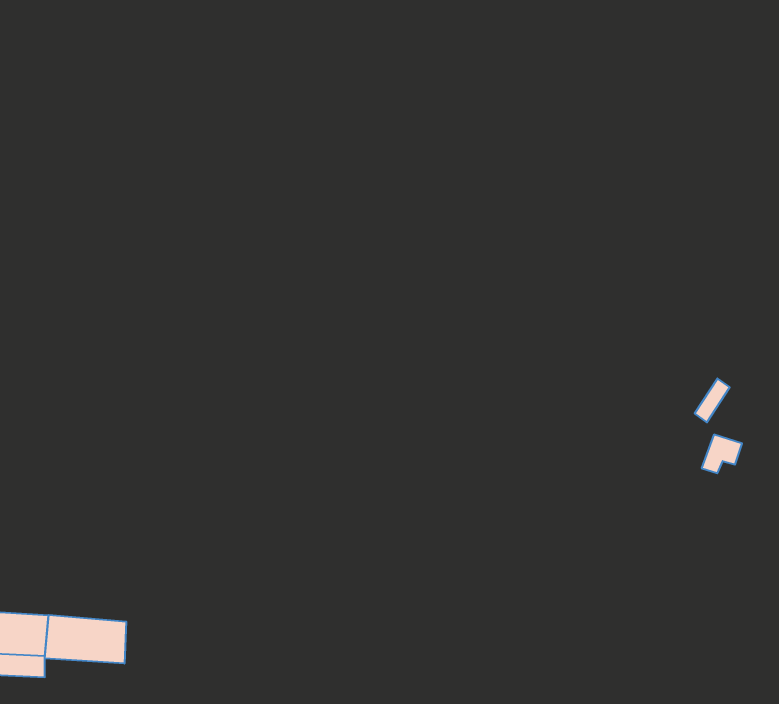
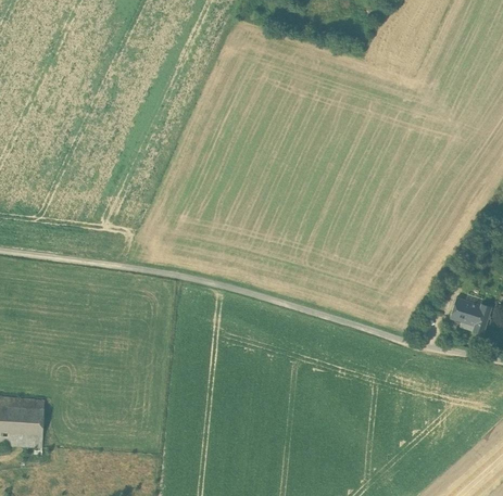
building: none -> [457,301,490,332]
building: [45,615,126,664] -> none

